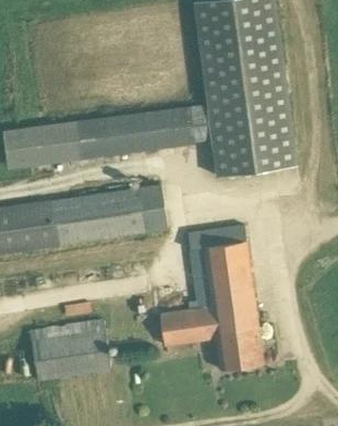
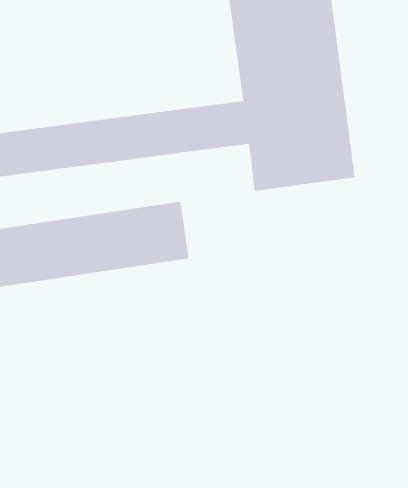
building: [161,226,264,370] -> none
building: [32,321,109,380] -> none

